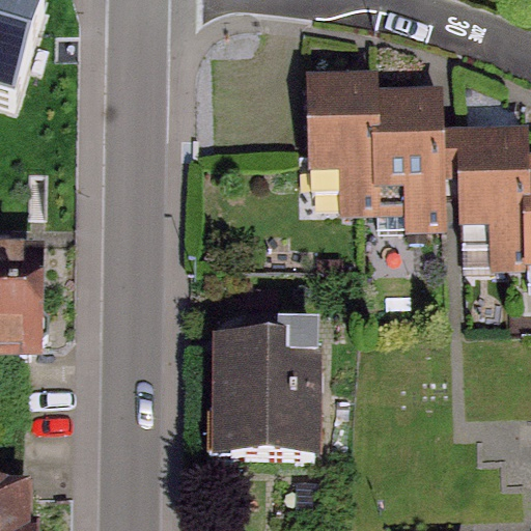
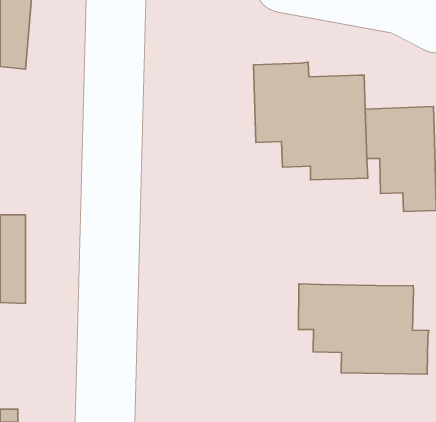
building: [213,337,320,467] -> none
building: none -> [298,284,429,374]

